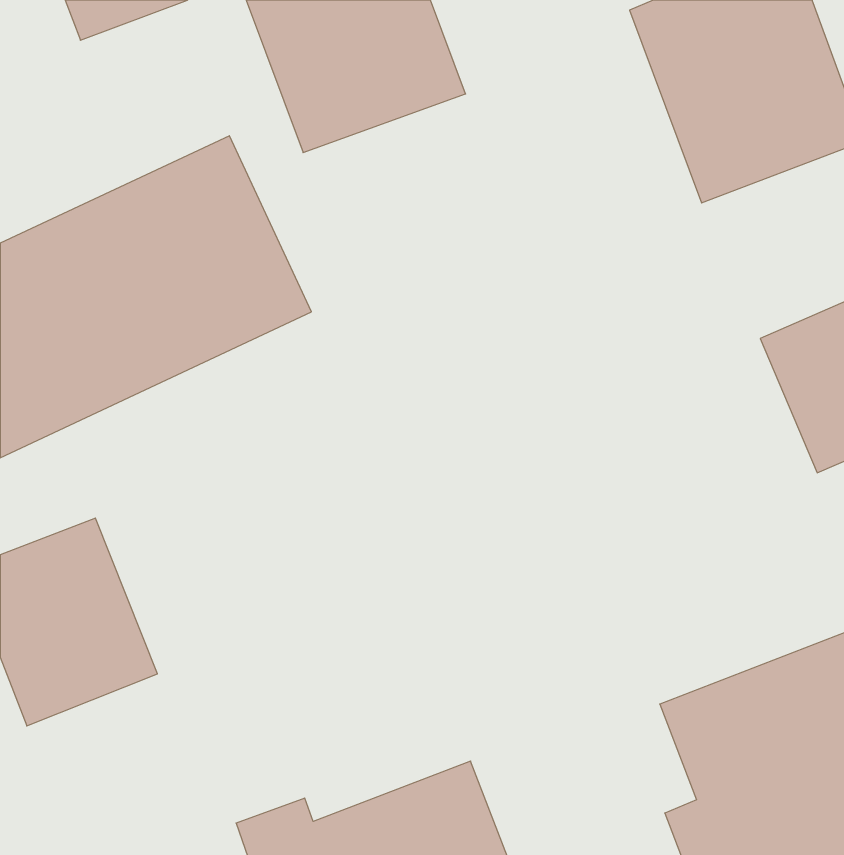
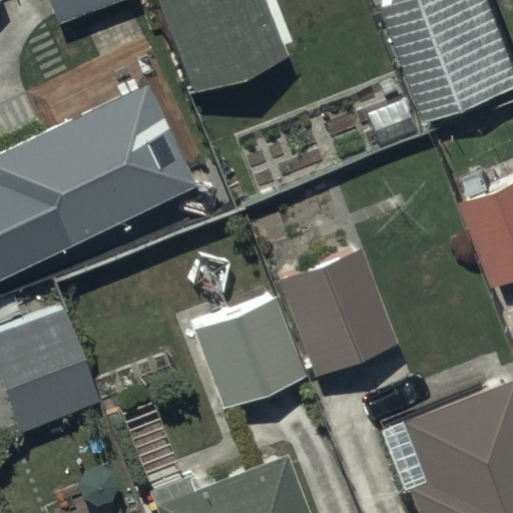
building: none -> [274,246,396,377]
building: none -> [191,298,307,410]

